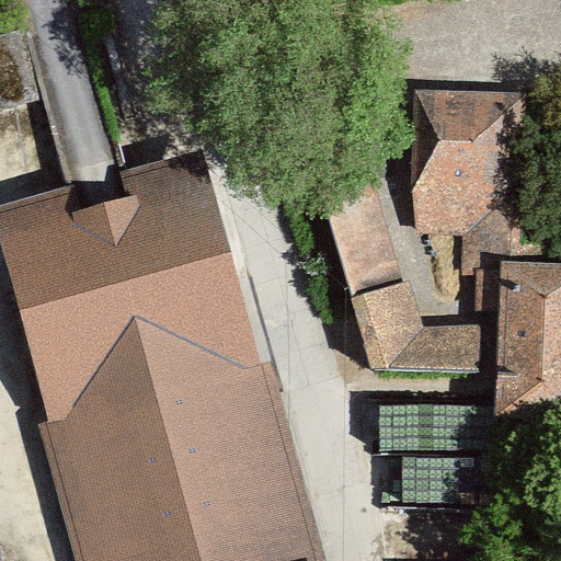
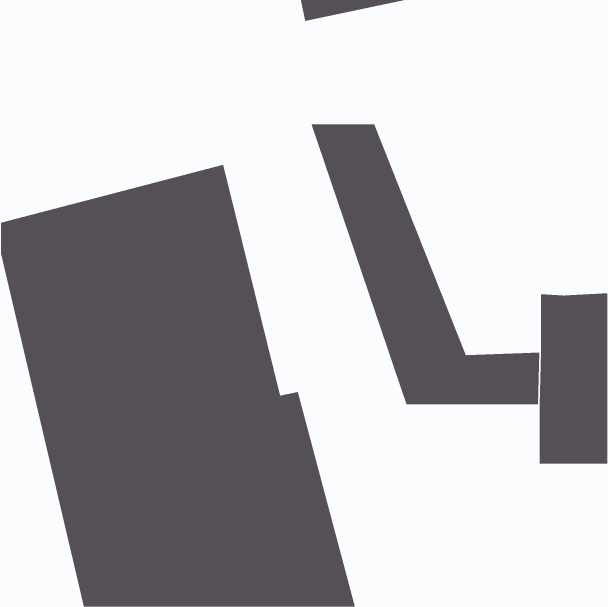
building: [414,95,524,272] -> none

